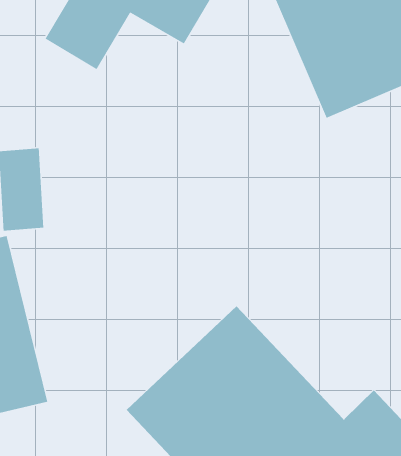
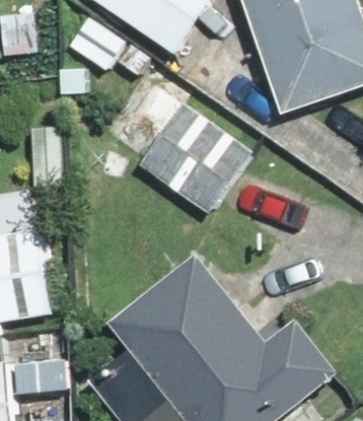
building: none -> [135,102,253,217]

